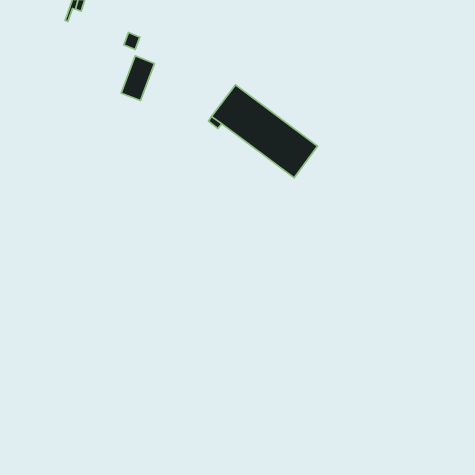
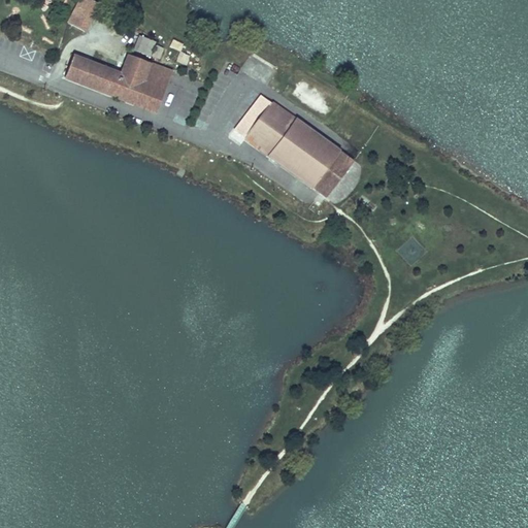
building: none -> [65,54,151,103]

